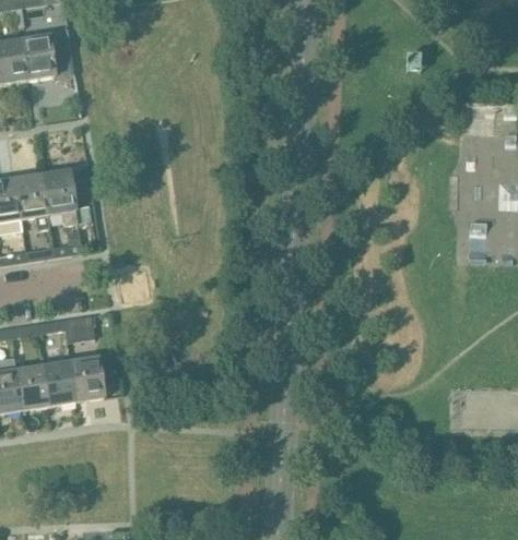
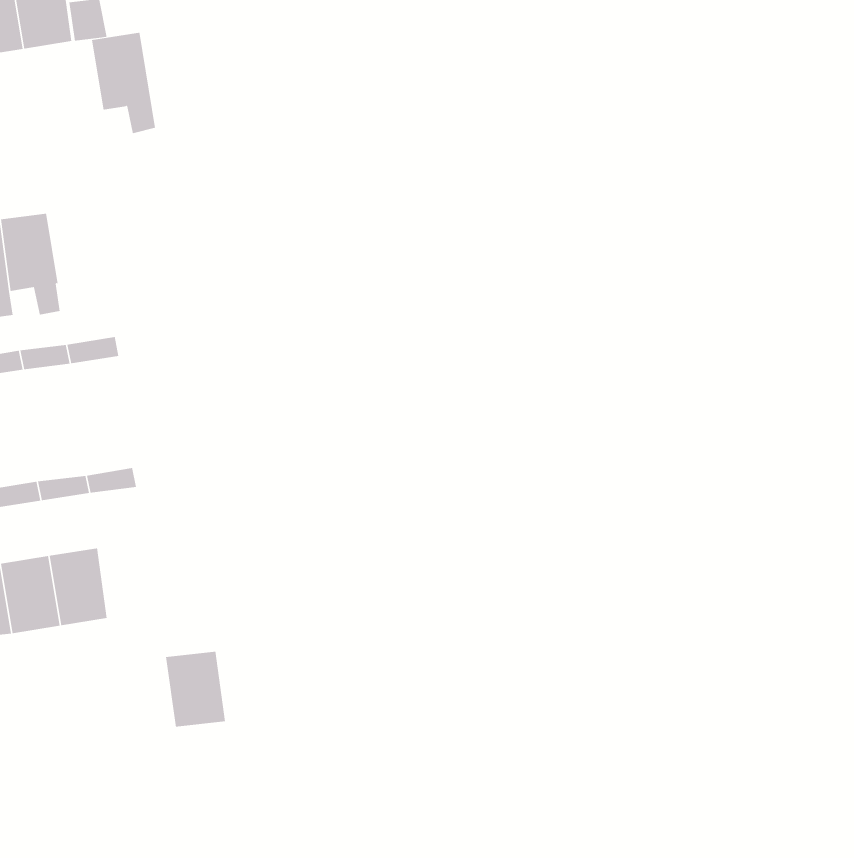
building: [40,168,76,225] -> [91,32,156,134]
building: [69,356,103,398] -> [165,651,226,727]

